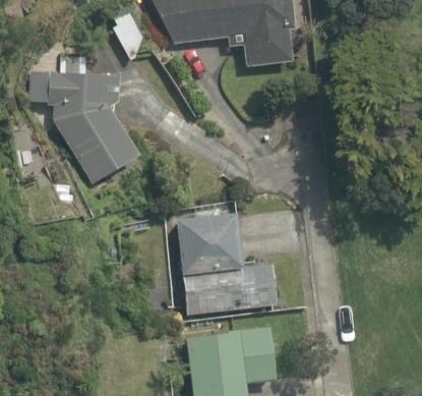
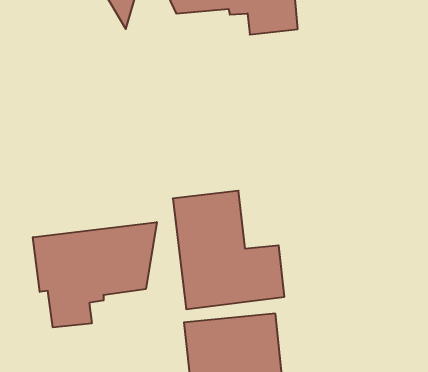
building: [35,44,138,182] -> none
building: none -> [33,222,157,327]

